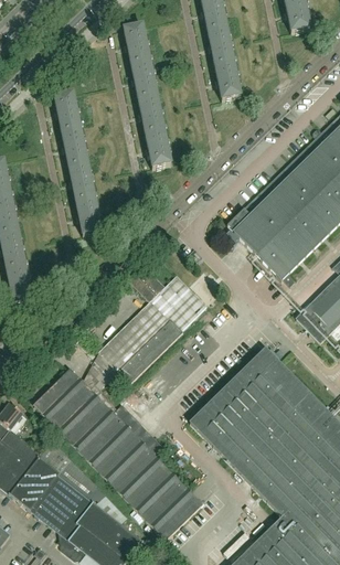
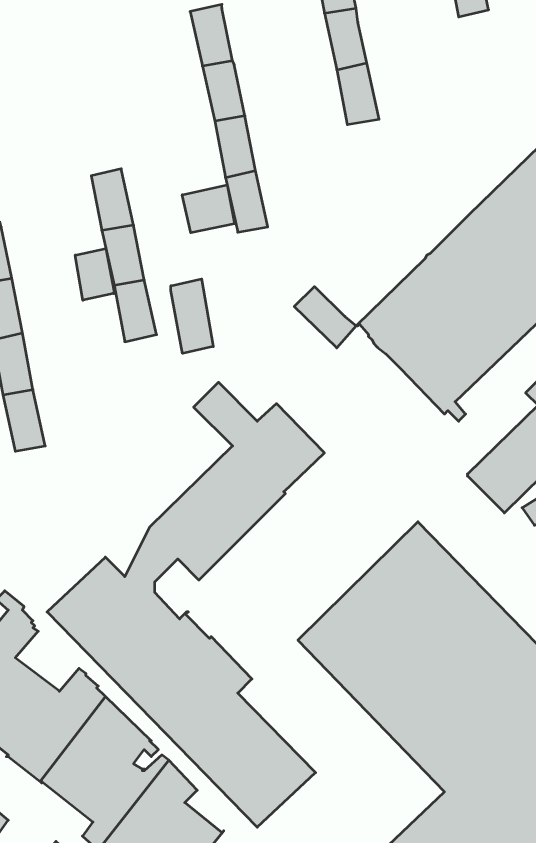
building: [54,93,79,131] -> none
building: none -> [182,185,234,233]
building: none -> [75,248,114,300]
building: none -> [171,279,213,353]
building: none -> [294,287,356,348]

